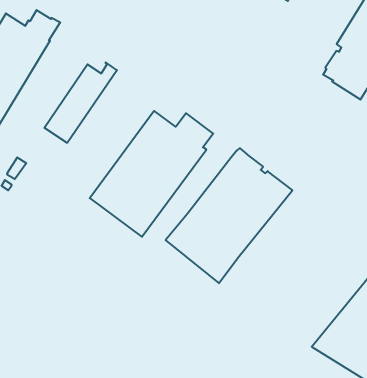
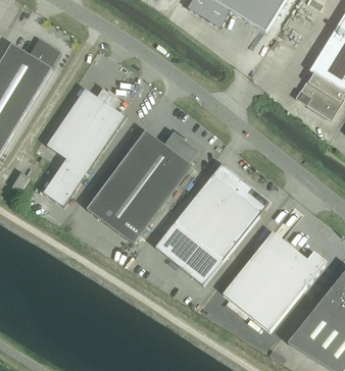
building: none -> [43,93,126,206]
building: none -> [223,230,327,330]

